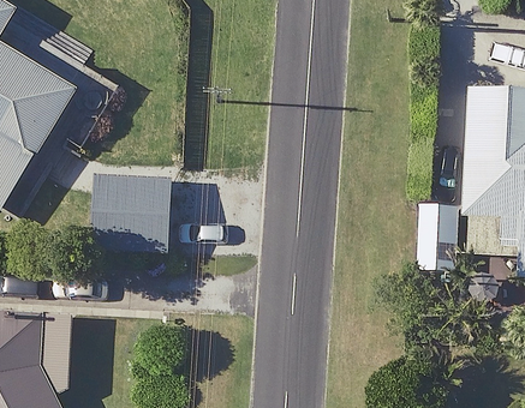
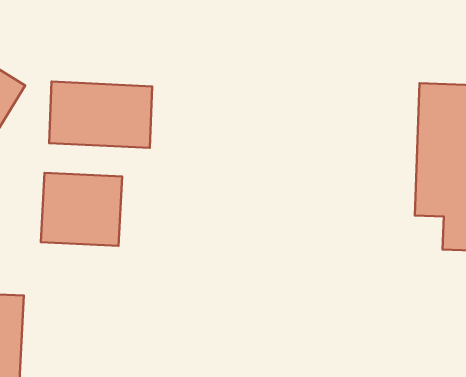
building: none -> [49,82,152,148]

